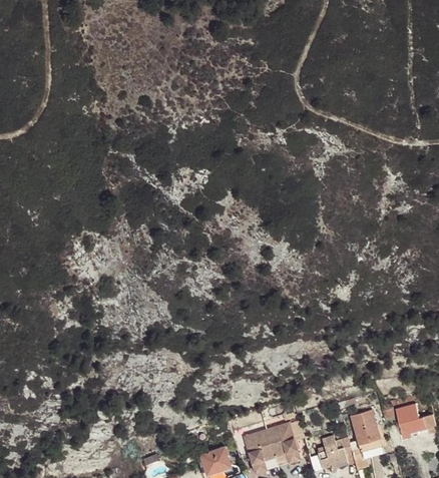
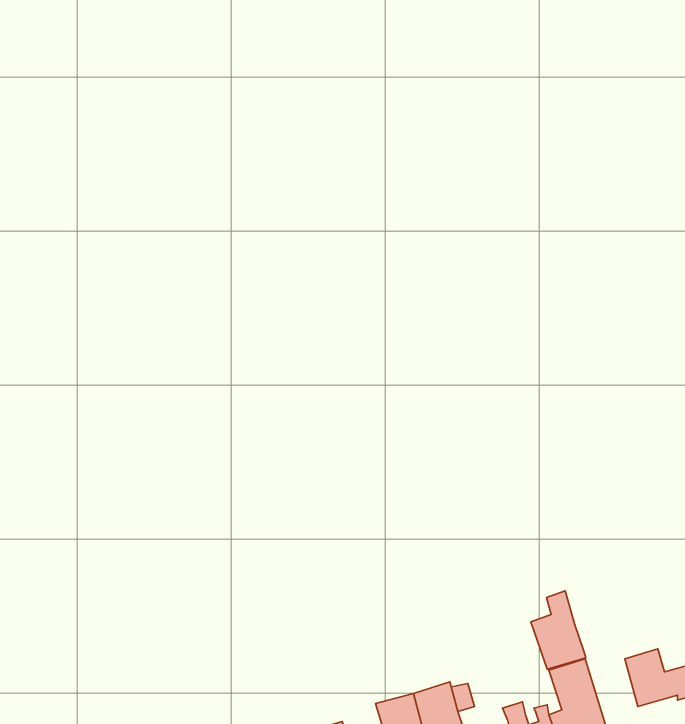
building: none -> [531,591,586,669]

